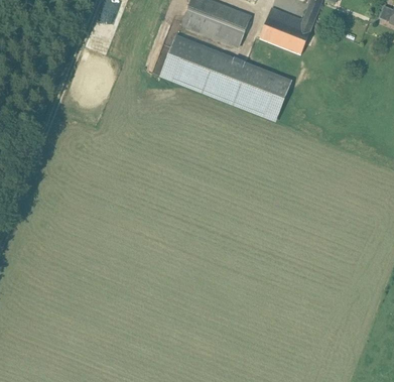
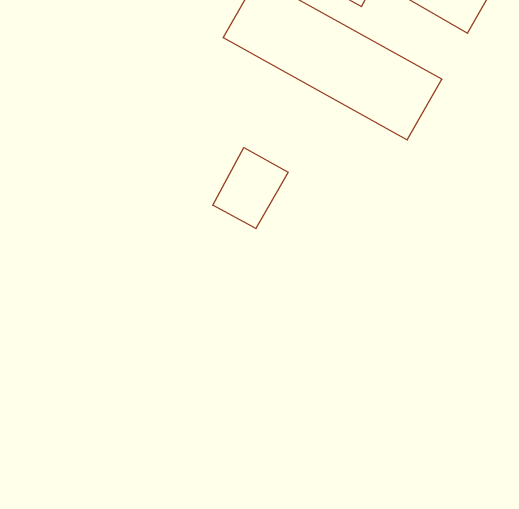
building: none -> [213,148,288,229]

